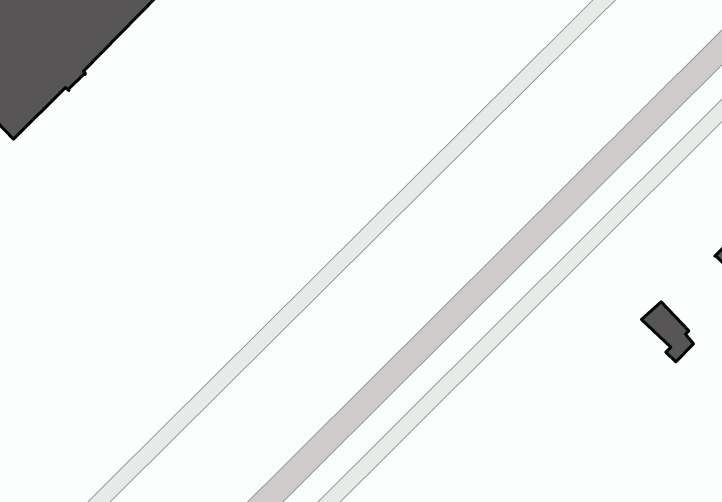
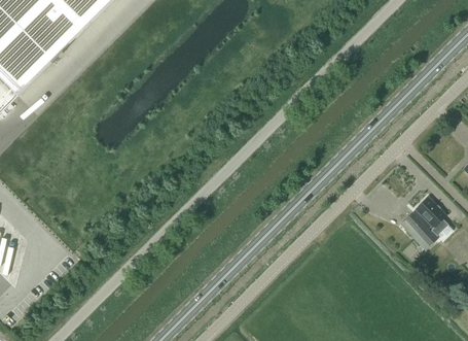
building: none -> [400,212,437,250]

